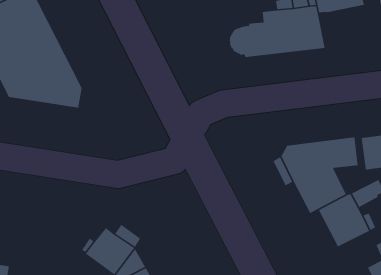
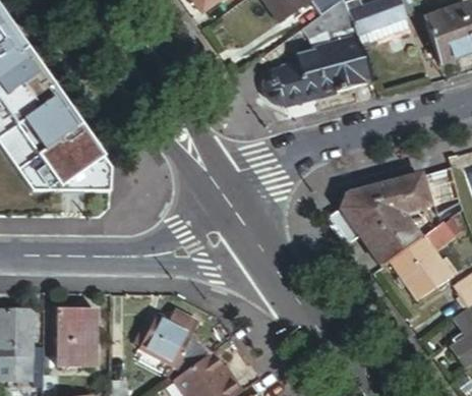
building: none -> [57,306,97,364]

